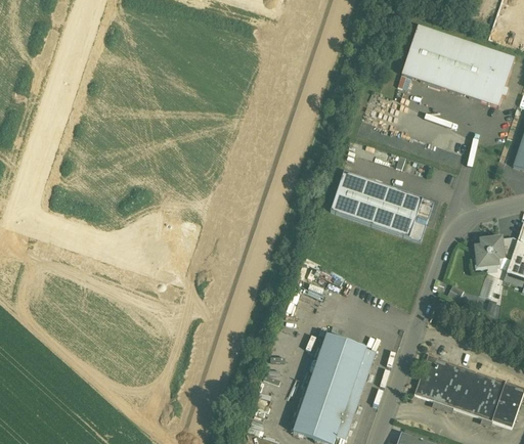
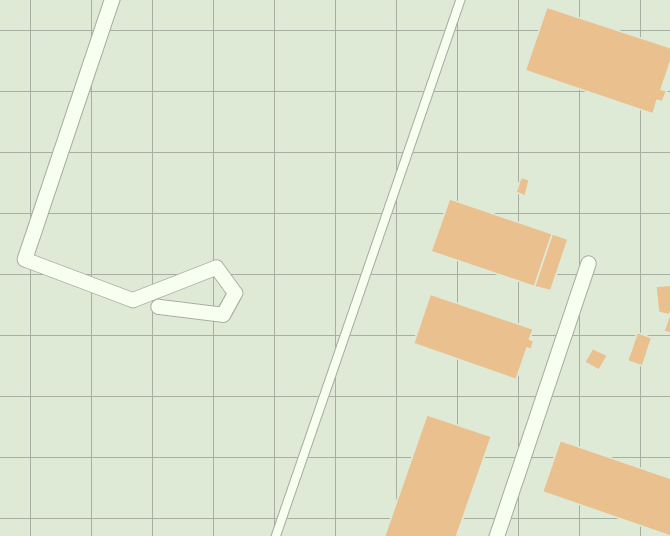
building: [474,236,503,267] -> none
building: none -> [413,294,534,379]

